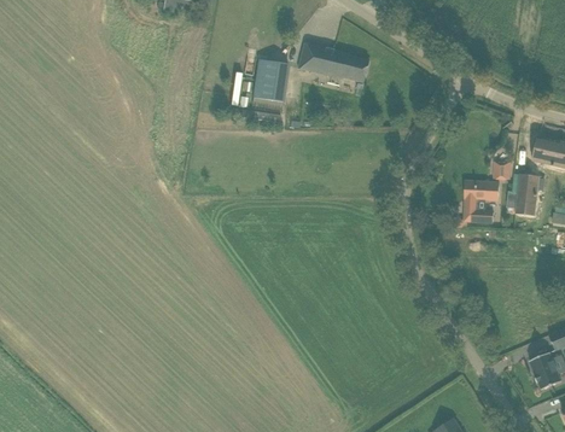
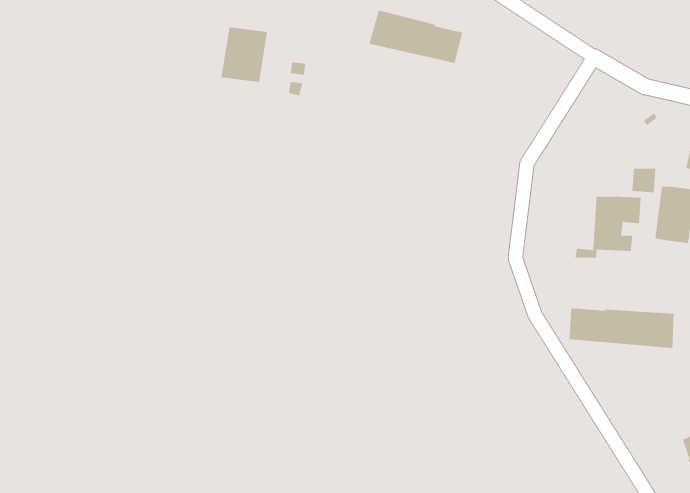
building: [252,60,287,101] -> [221,27,268,82]
building: none -> [569,308,674,349]

